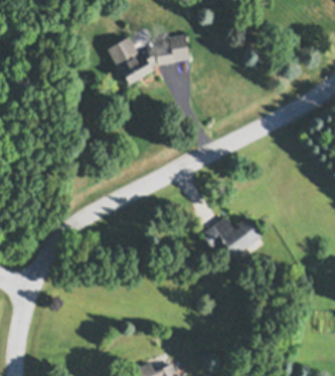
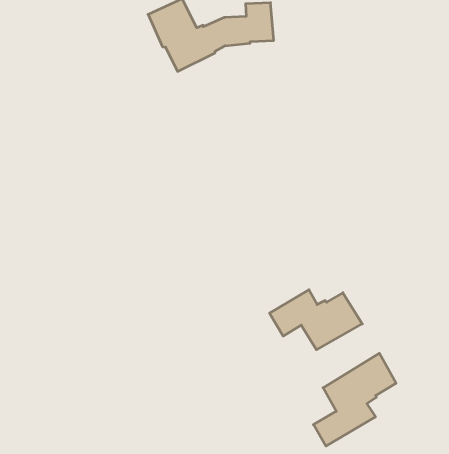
building: none -> [313,353,396,446]

